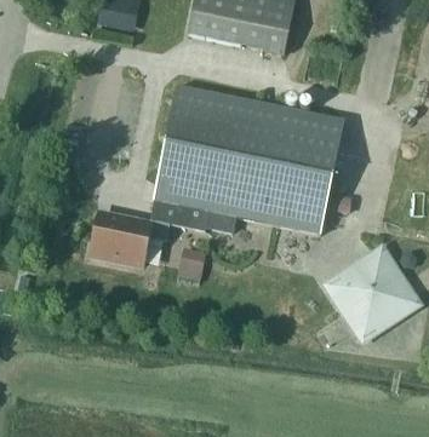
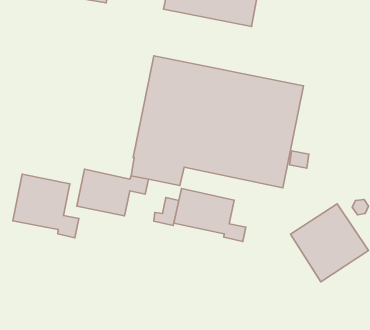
building: none -> [13,174,79,238]
building: none -> [174,189,246,242]

